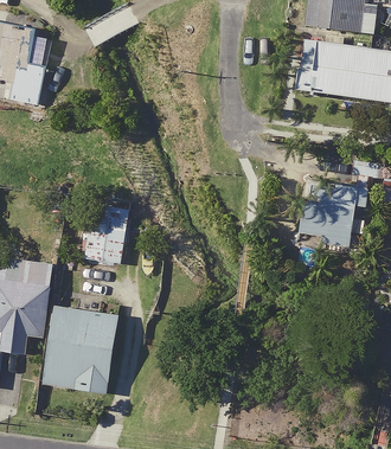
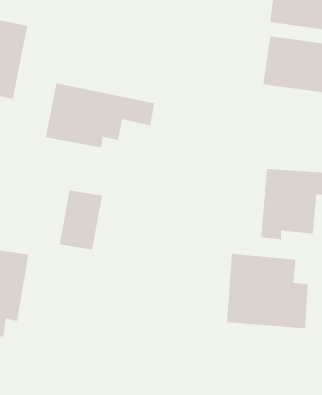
building: none -> [45,82,155,148]
building: none -> [226,253,308,329]
building: [45,307,120,392] -> none

